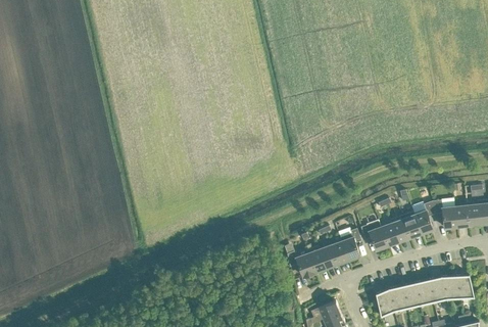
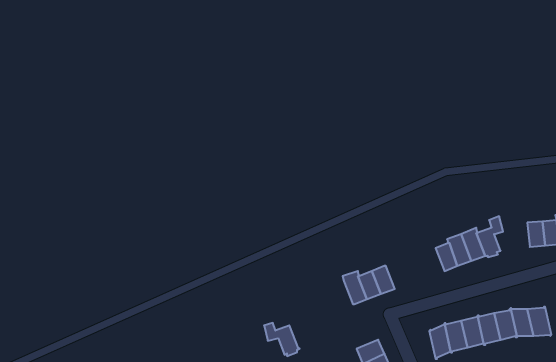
building: [432,201,456,230] -> none
building: [360,222,388,251] -> none
building: [339,229,360,262] -> none
building: [287,252,315,279] -> [264,323,300,356]

